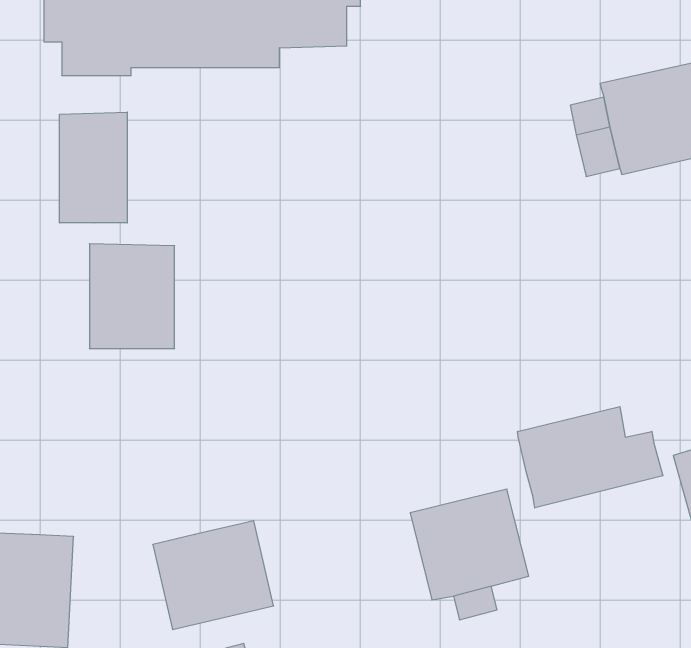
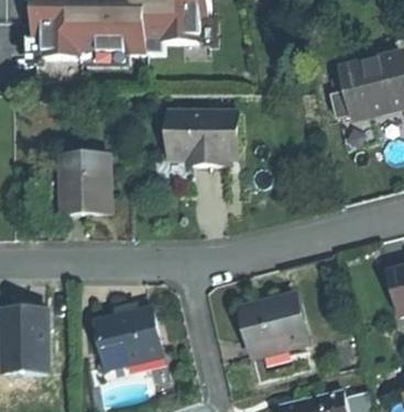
building: [60,112,127,223] -> none
building: none -> [167,110,238,164]
building: [518,407,663,508] -> none

